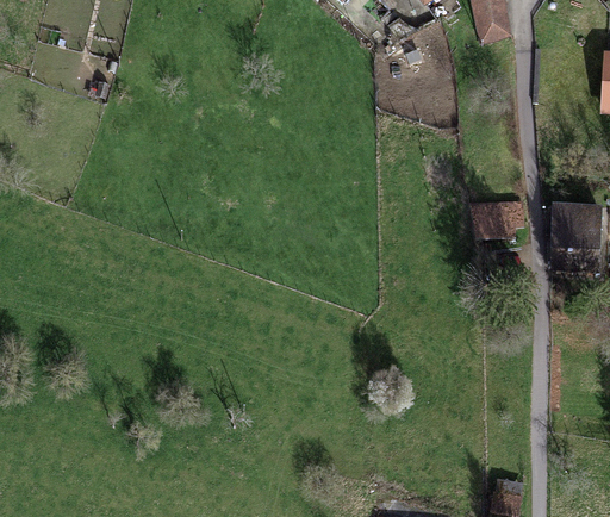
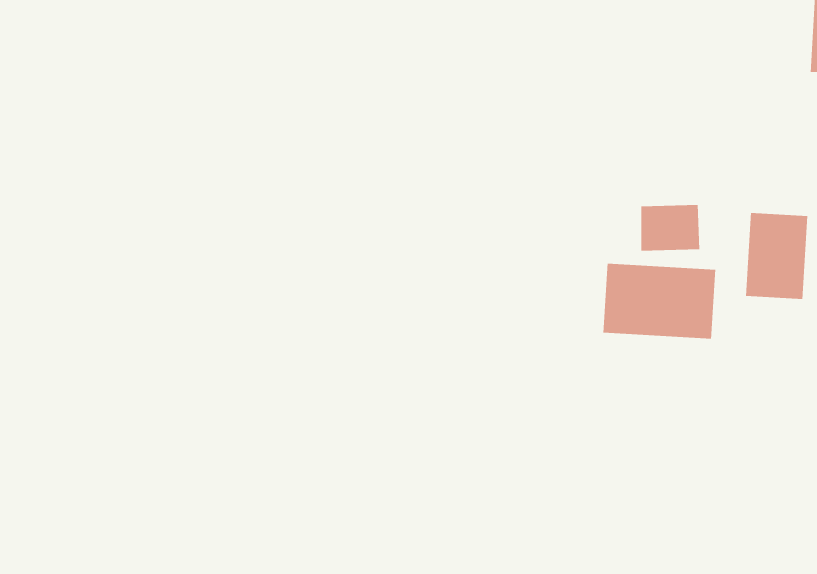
building: none -> [603,263,716,340]

